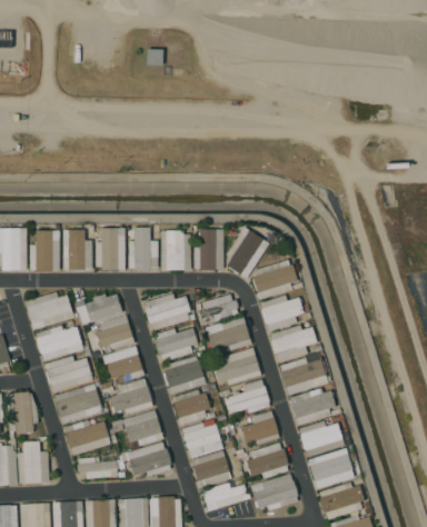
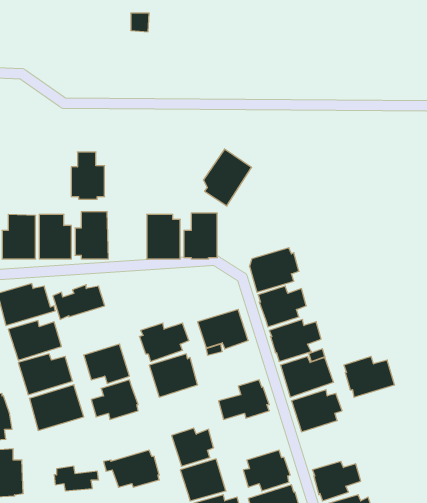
building: [226,227,269,278] -> [203,149,252,206]
building: [128,228,158,270] -> [71,152,105,199]
building: [145,294,191,330] -> none
building: [199,294,239,321] -> none
building: [96,315,135,350] -> none
building: [215,347,261,385] -> none
building: [172,389,210,426] -> none
building: [111,410,163,446] -> none
building: [242,410,279,445] -> none
building: [64,420,111,455] -> none
building: [299,420,345,457] -> [344,356,395,397]

